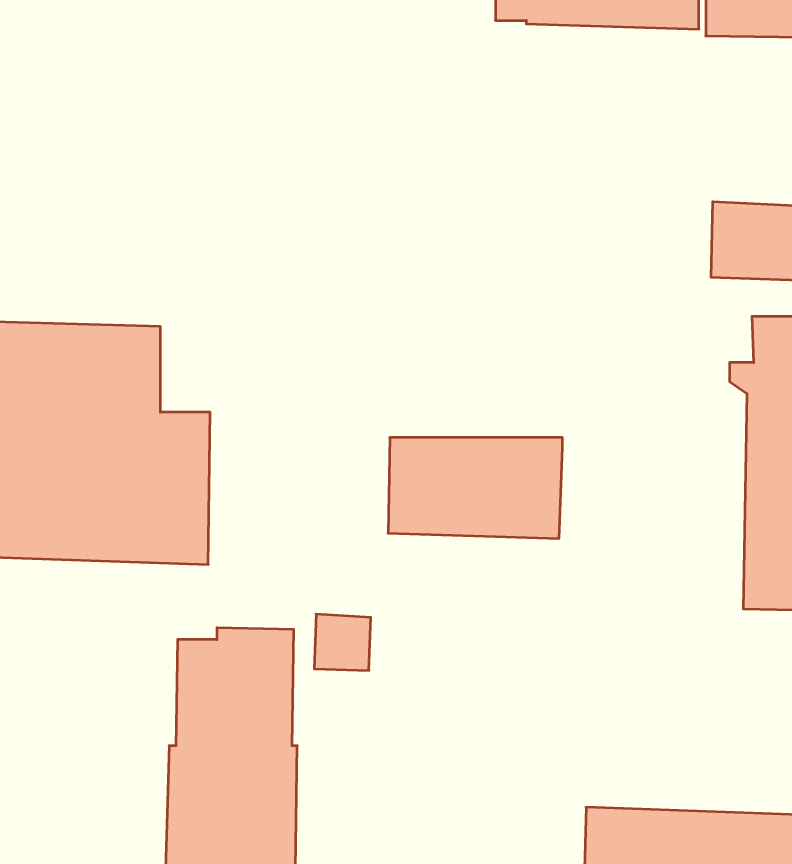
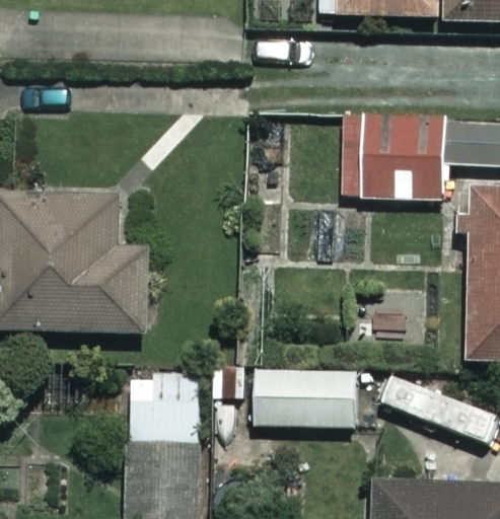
building: none -> [343,115,444,196]
building: [388,438,562,538] -> [254,369,357,429]

